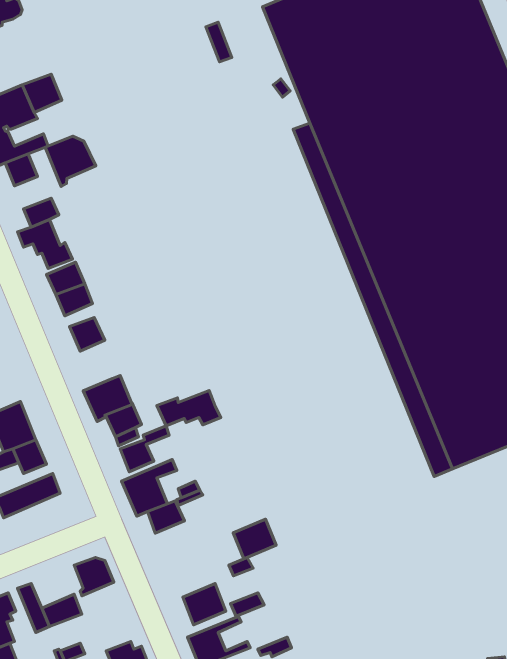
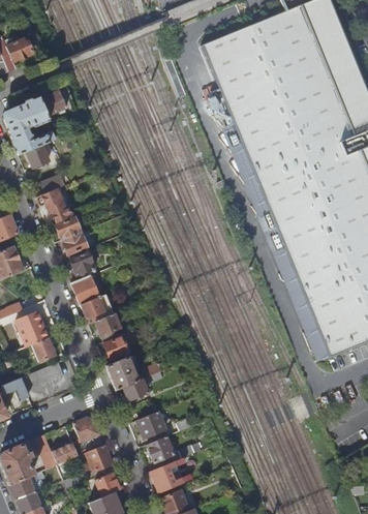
building: [45,136,96,186] -> none
building: none -> [71,276,99,305]
building: [157,390,221,426] -> none
building: [233,519,276,559] -> [136,412,165,439]
building: none -> [85,445,113,472]

